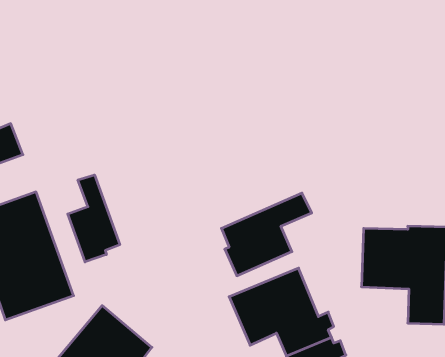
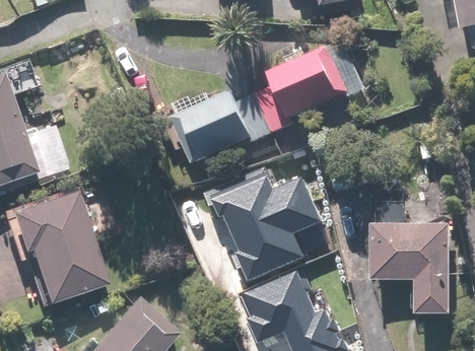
building: none -> [167,52,338,166]
building: none -> [217,160,315,224]
building: [68,175,120,262] -> none

